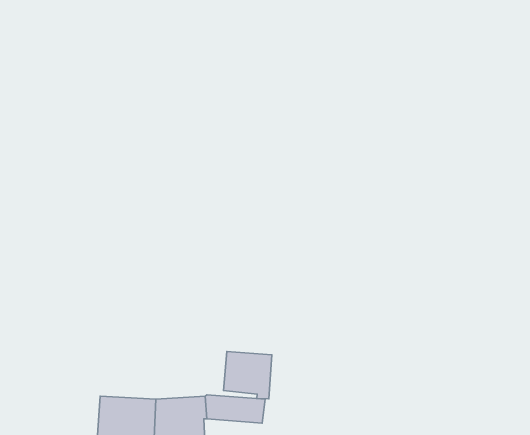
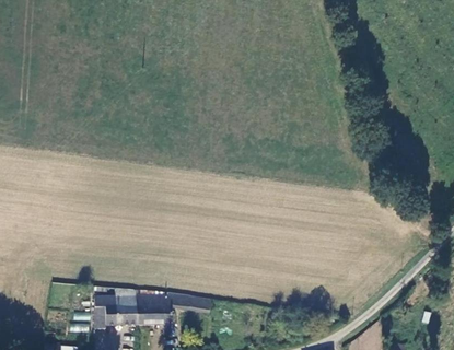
building: [223,351,272,399] -> none

